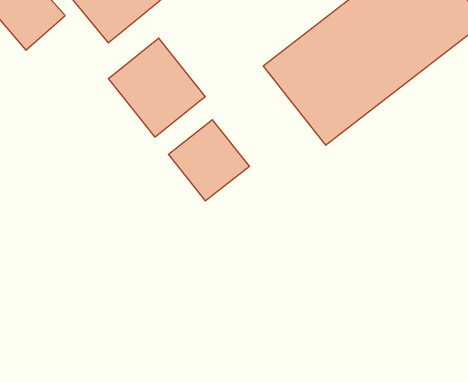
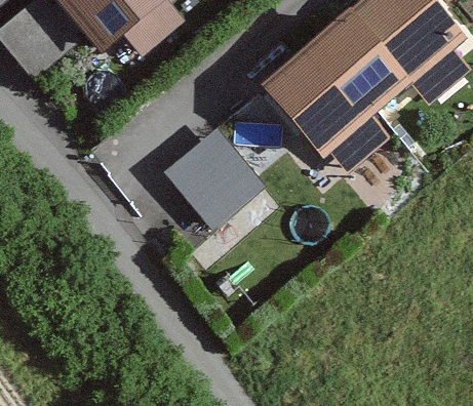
building: [108,38,205,137] -> none

